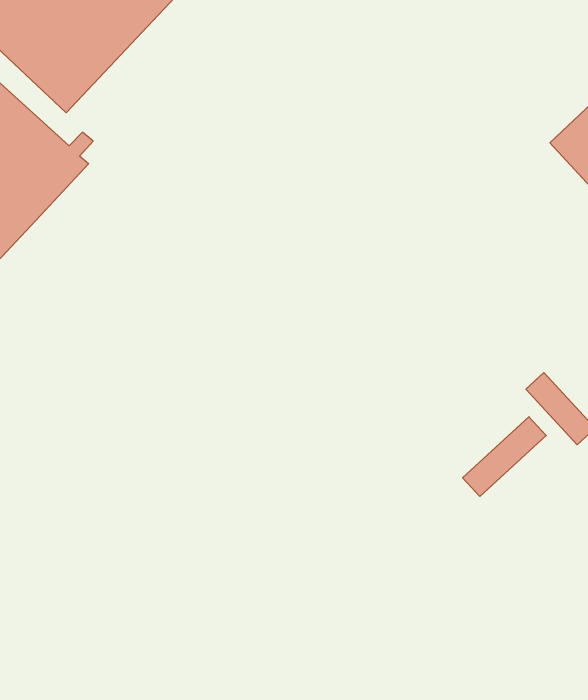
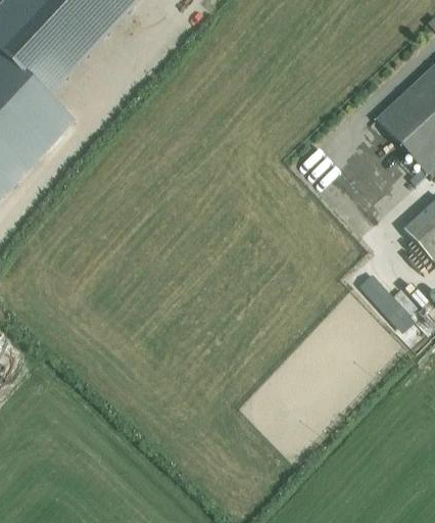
building: [463,417,546,496] -> none

